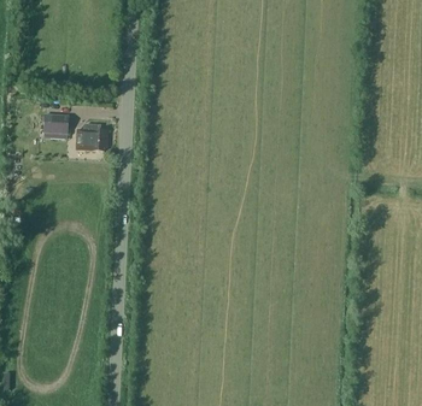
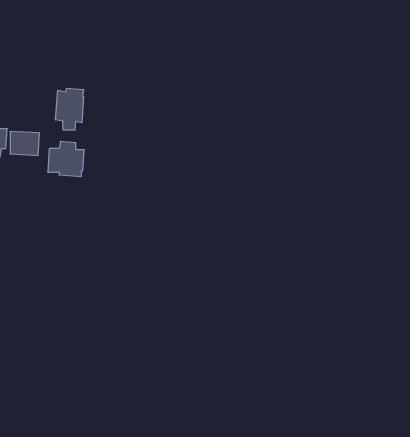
building: none -> [56,88,84,130]

